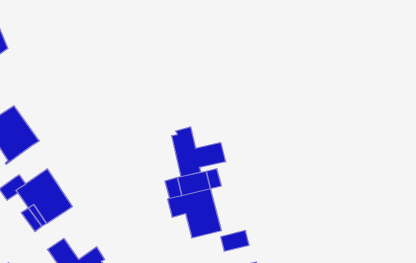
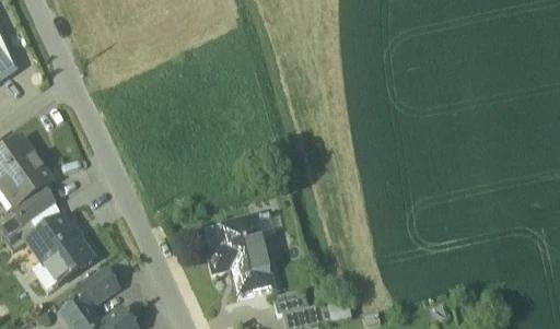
building: [172,127,226,177] -> none
building: none -> [12,185,56,224]
building: none -> [74,267,117,306]

